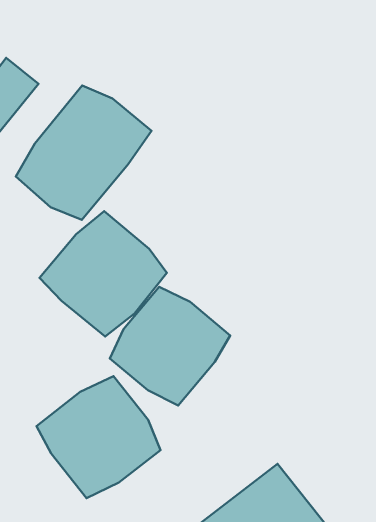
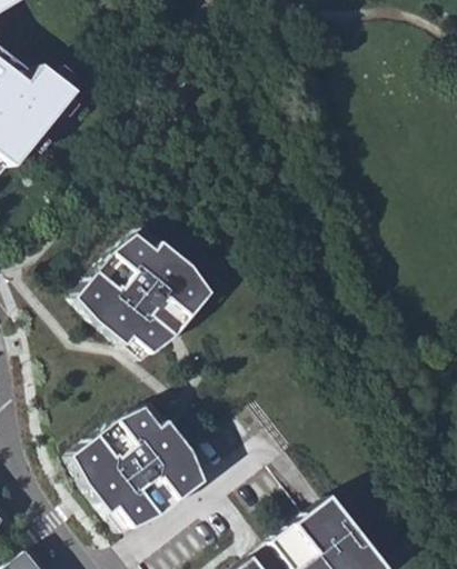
building: [16,85,152,220] -> none
building: [110,287,230,405] -> none

